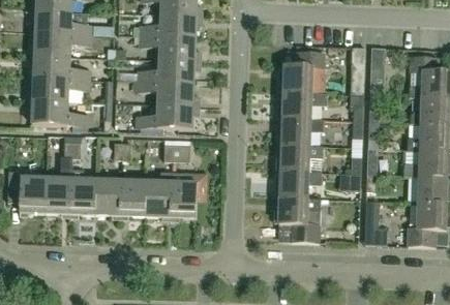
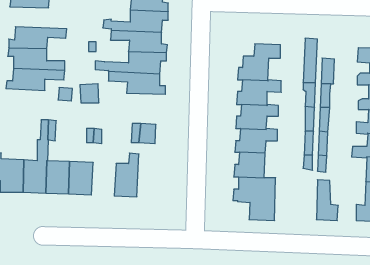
building: [30,11,92,35] -> none
building: [26,100,88,127] -> none
building: [136,105,200,129] -> none
building: [169,172,197,219] -> none
building: [119,173,146,217] -> none

